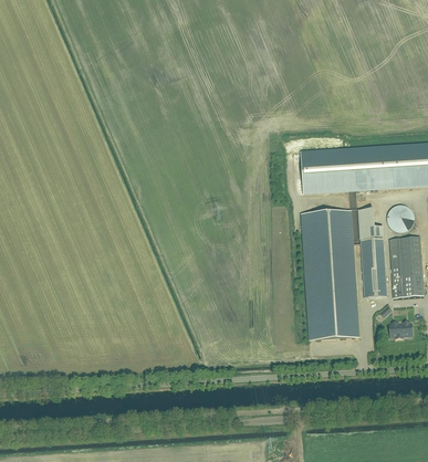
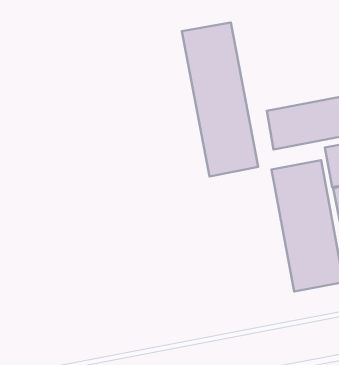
building: none -> [182,22,258,176]

